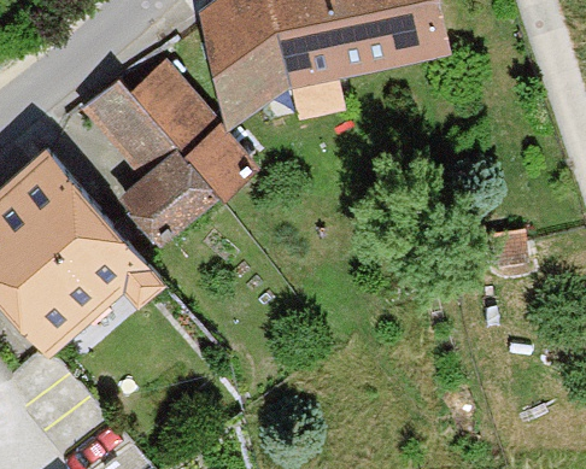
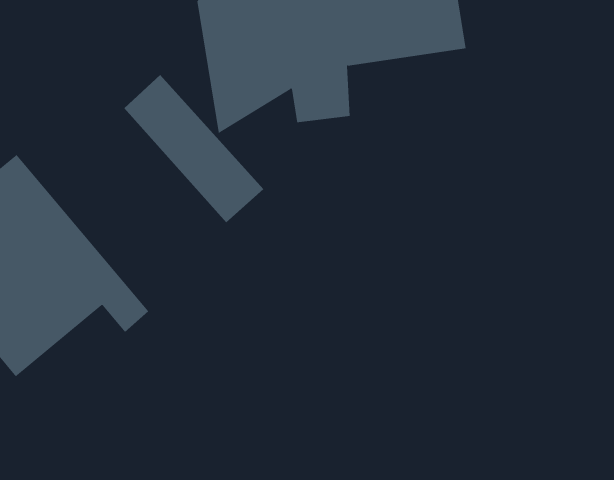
building: [95,102,219,247] -> none

